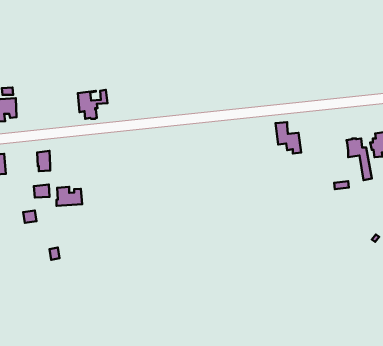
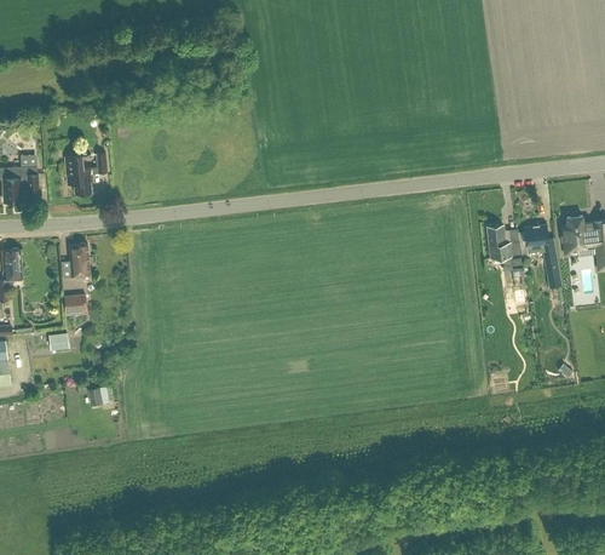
building: [78,90,107,119] -> [64,151,108,194]
building: [276,122,301,153] -> [486,225,524,271]
building: [56,187,82,206] -> none

